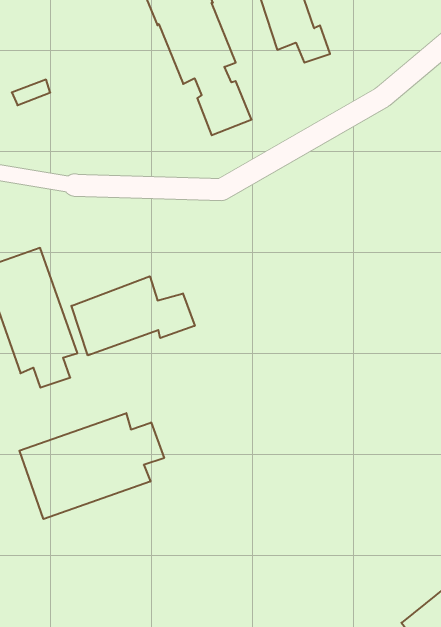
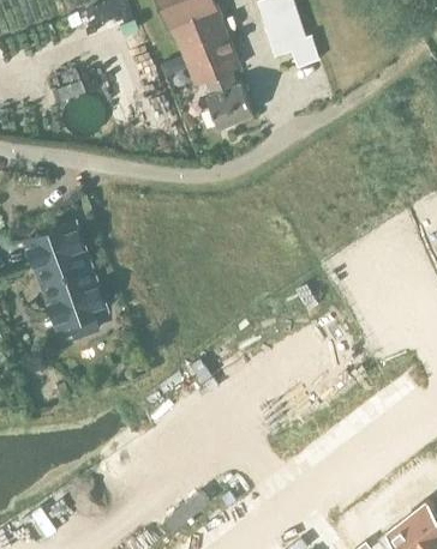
building: [71,276,195,355] -> none
building: [19,413,164,519] -> none

